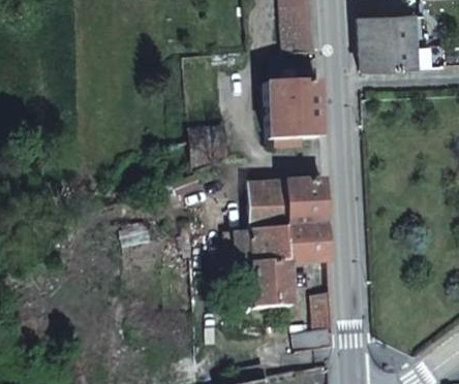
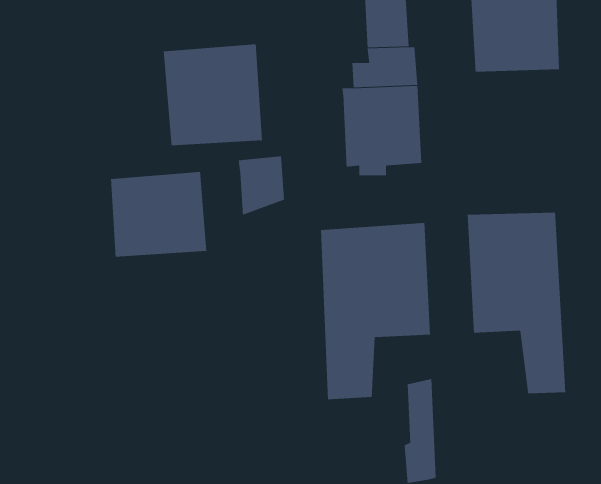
building: none -> [163,44,262,146]
building: none -> [111,171,207,257]
building: none -> [467,212,566,394]

